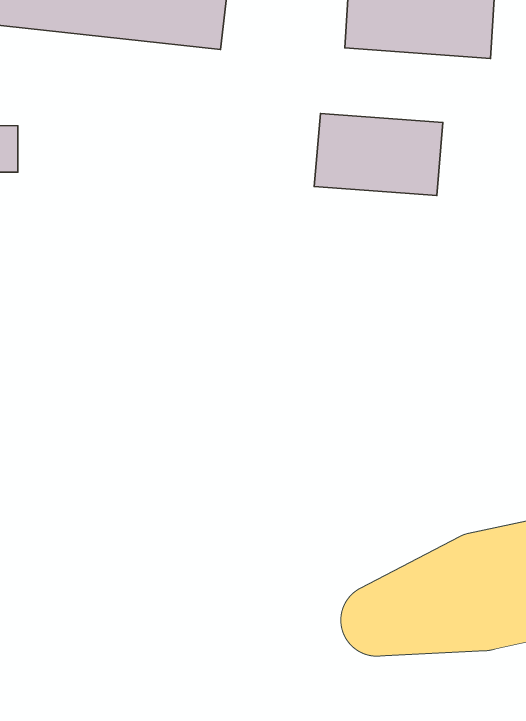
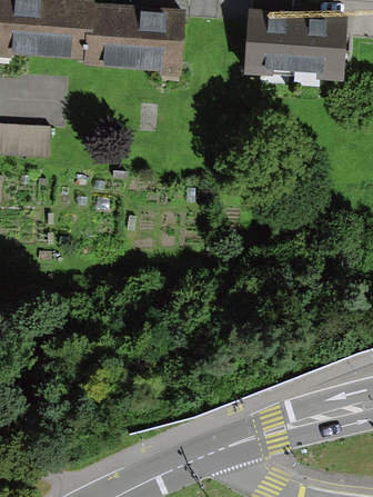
building: [314,114,443,195] -> none

